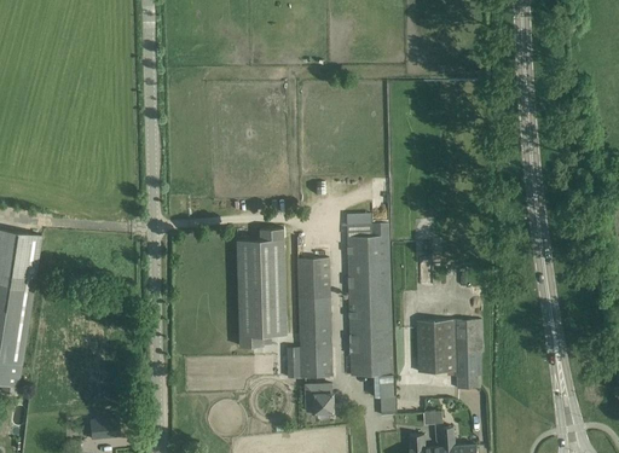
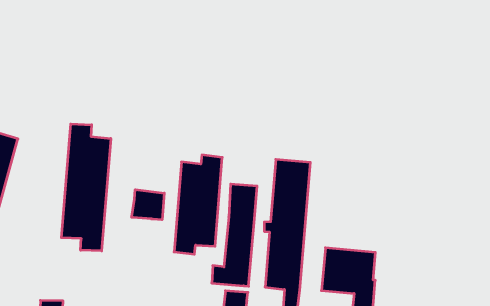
building: none -> [61,124,111,251]
building: none -> [132,190,164,220]

